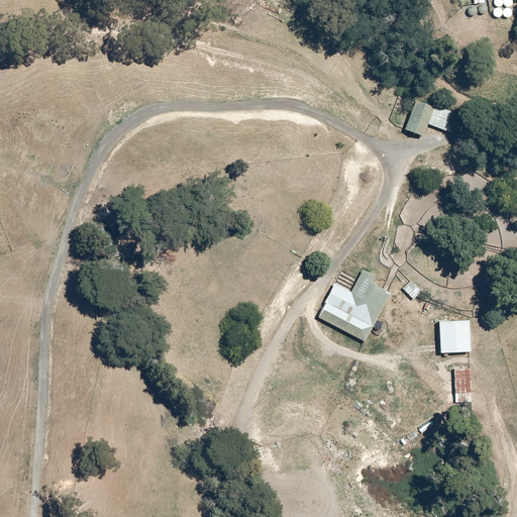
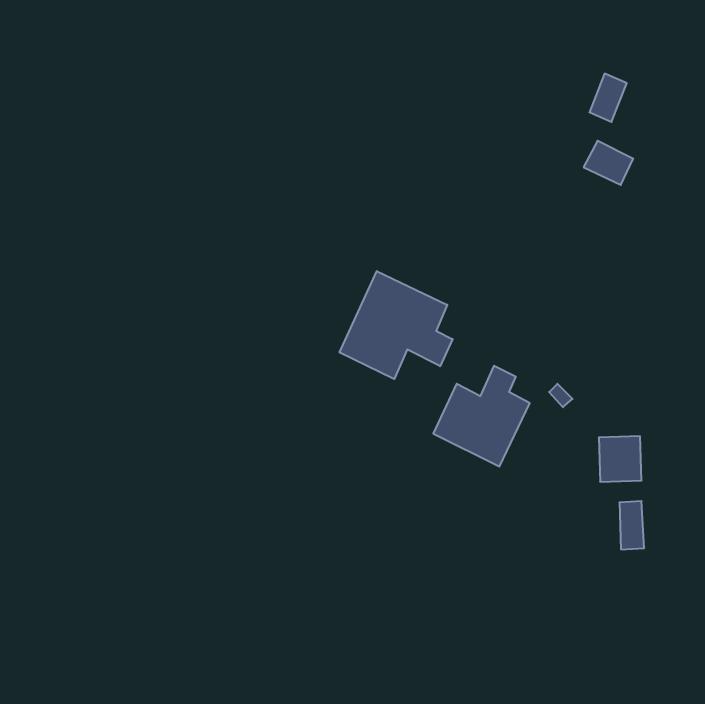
building: [404,100,431,135] -> [589,74,627,122]
building: none -> [340,271,453,379]

